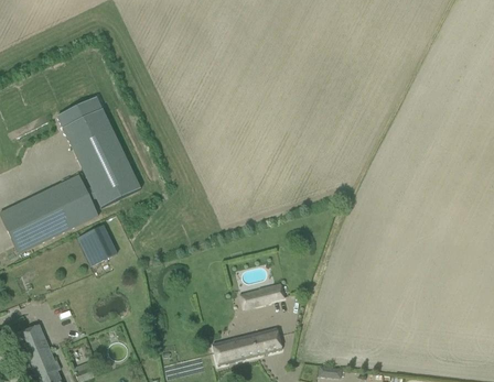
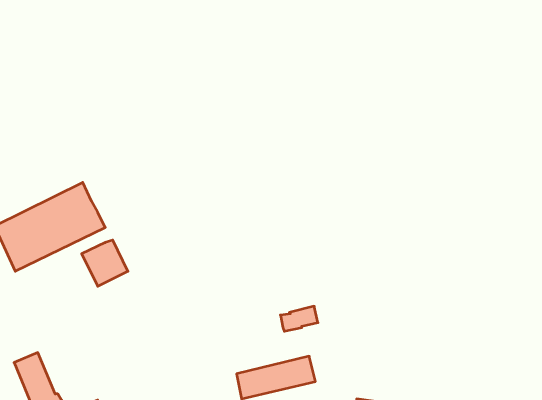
building: [57,97,141,207] -> none

